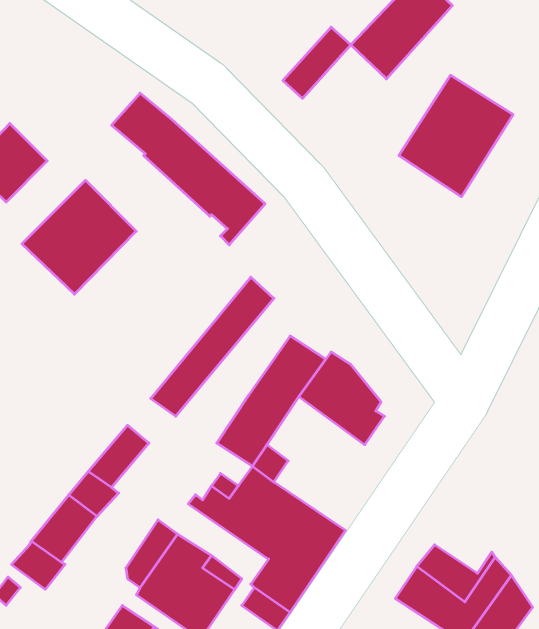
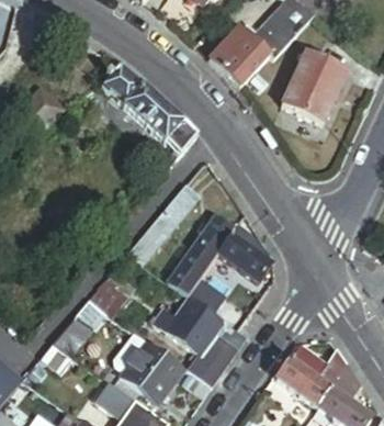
building: none -> [221,37,268,87]
building: [22,180,136,294] -> none

